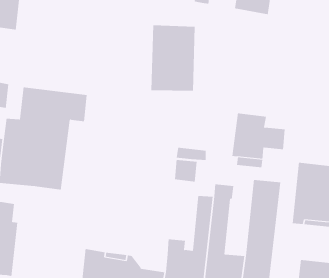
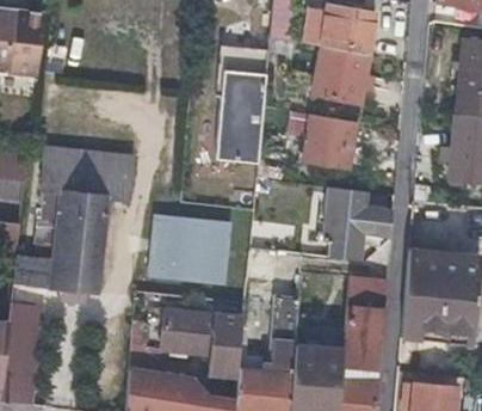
building: none -> [317,48,370,103]
building: none -> [305,115,358,167]
building: none -> [150,214,225,281]
building: none -> [160,309,240,374]

